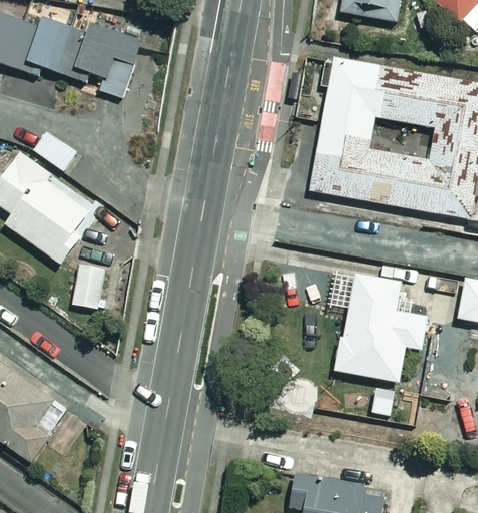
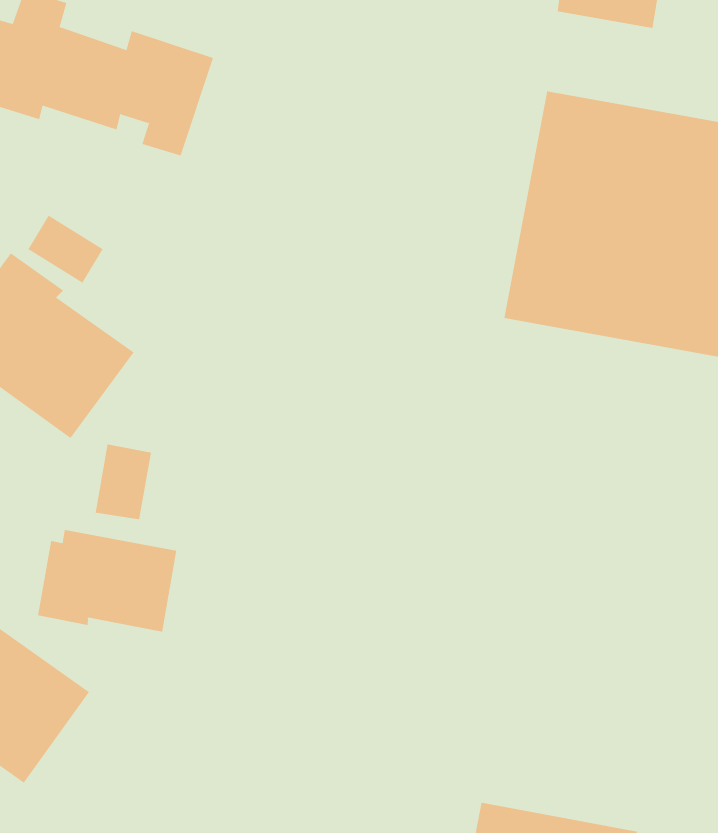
building: [335,275,428,384] -> none
building: none -> [37,529,177,633]

